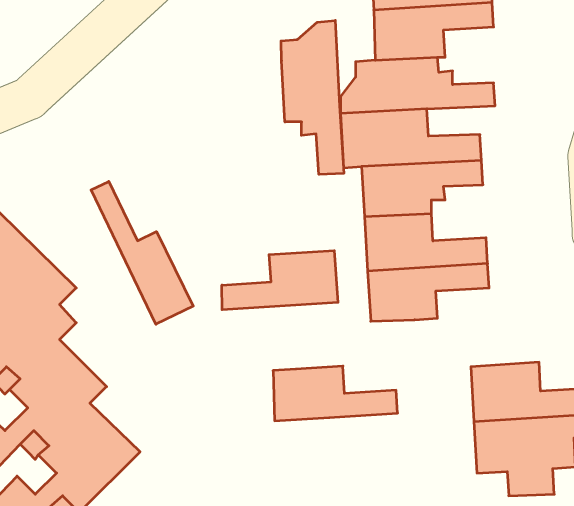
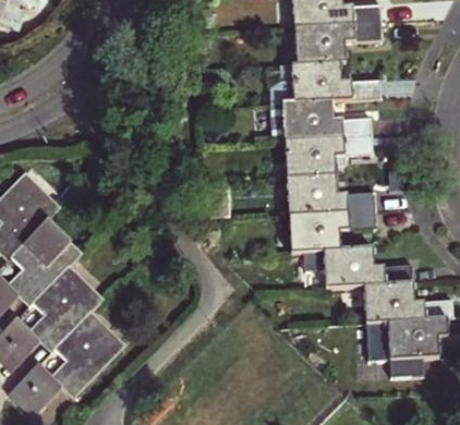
building: [281,20,344,174] -> none
building: [91,181,193,324] -> none
building: [222,251,338,310] -> none
building: [273,366,398,421] -> [323,247,412,287]

